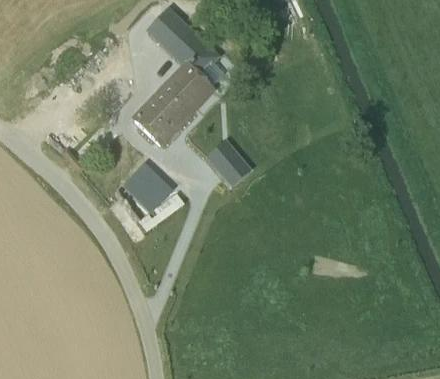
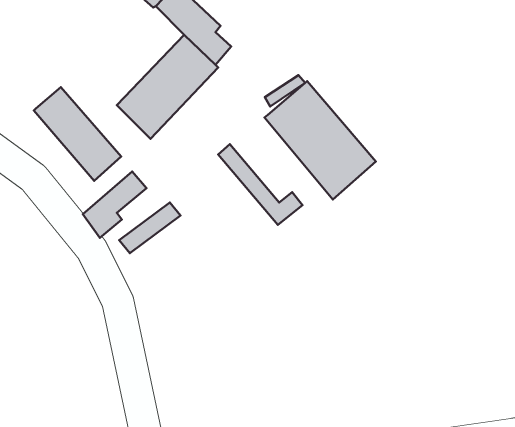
building: none -> [264,81,376,199]
building: none -> [34,87,121,181]

